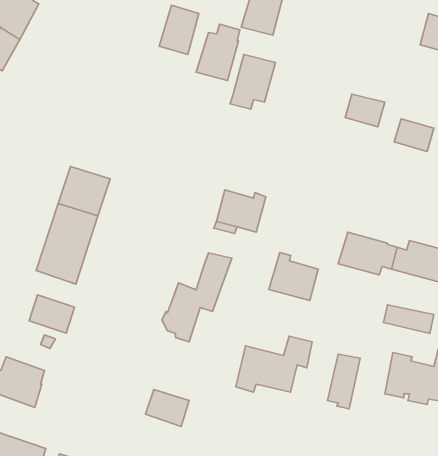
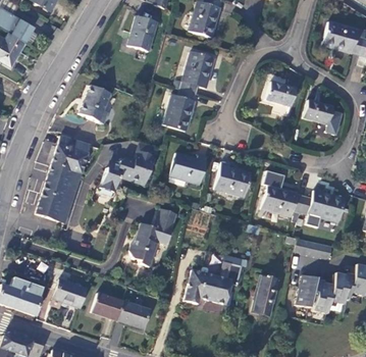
building: [196,24,240,80] -> [163,89,196,131]
building: none -> [80,86,110,123]
building: none -> [101,150,154,192]
building: [269,253,318,300] -> [214,161,251,197]
building: [29,295,74,333] -> [53,279,87,308]
building: none -> [91,293,123,320]

